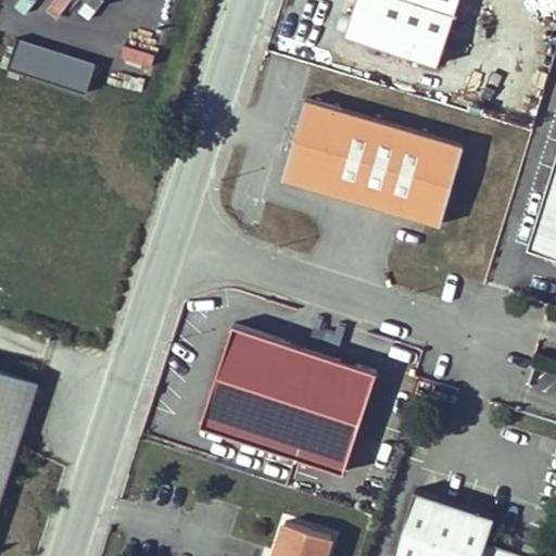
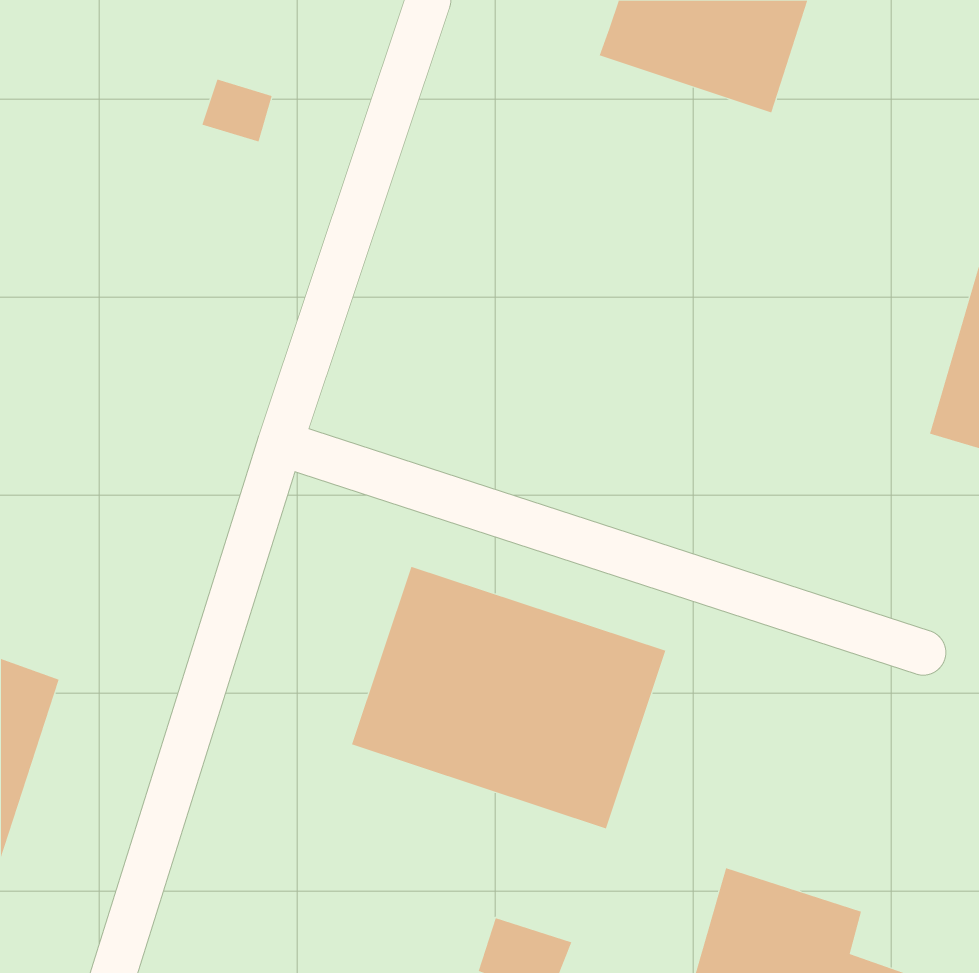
building: [10,42,97,98] -> none
building: [286,99,464,223] -> none

